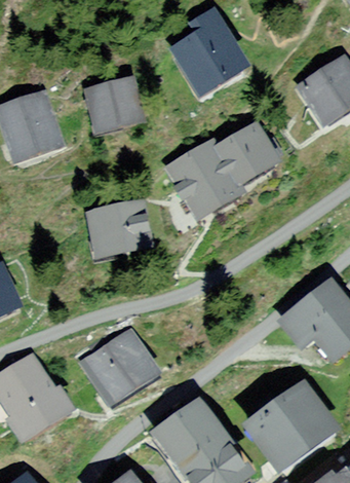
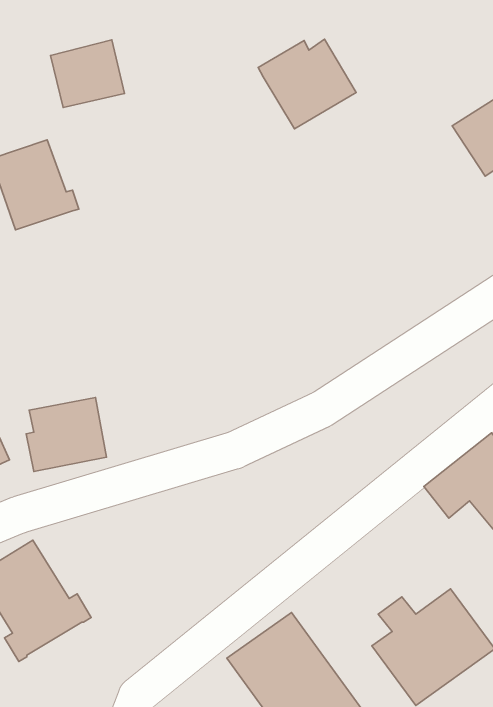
building: [90,83,139,127] -> [50,40,125,108]
building: [172,123,280,213] -> none
building: [94,205,147,253] -> [26,397,106,471]
building: [87,335,153,400] -> none

